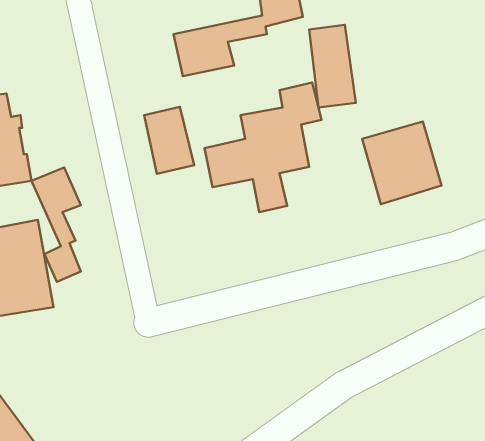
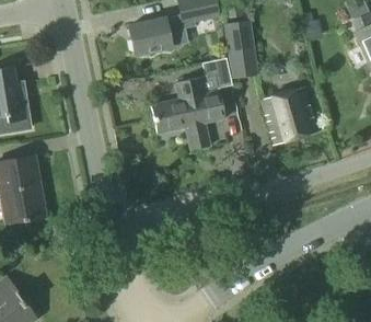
building: [144,107,194,174] -> none
building: [32,167,81,282] -> none

